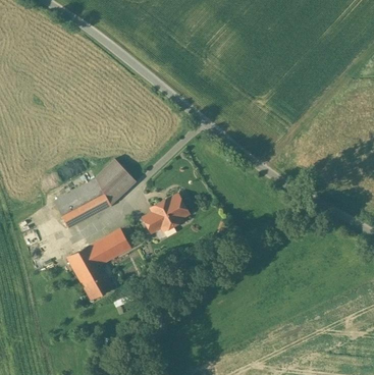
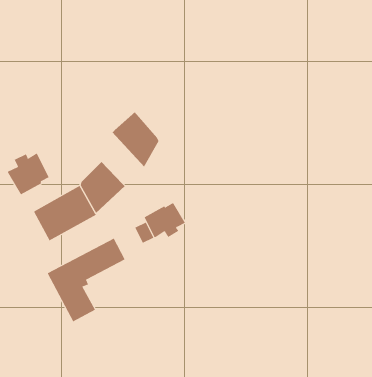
building: none -> [112,111,159,167]
building: none -> [7,152,49,195]

